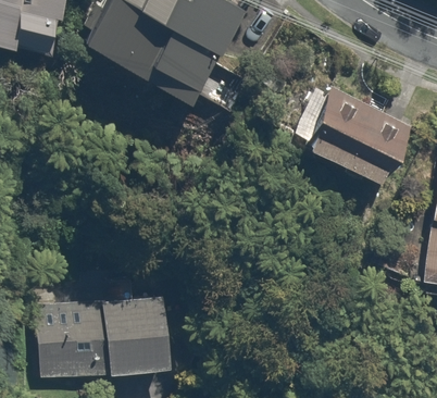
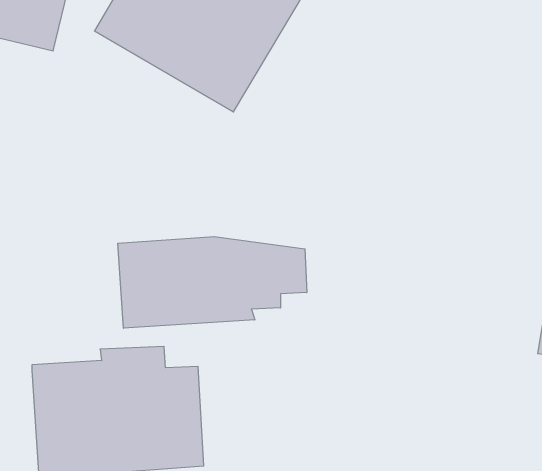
building: [297,92,400,186] -> none
building: none -> [118,237,307,328]

